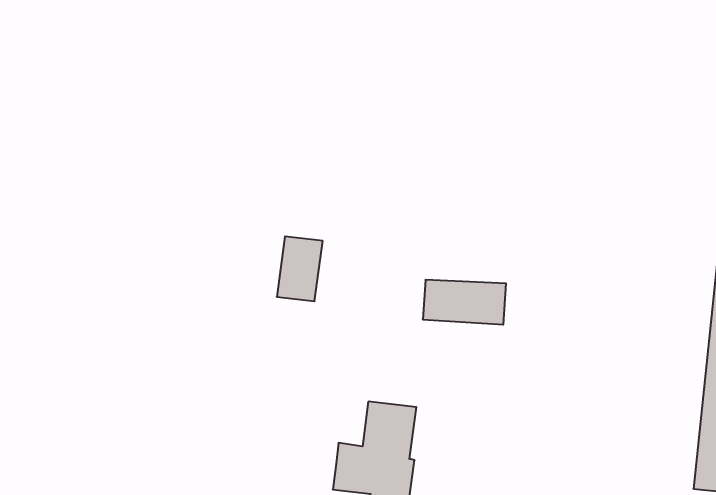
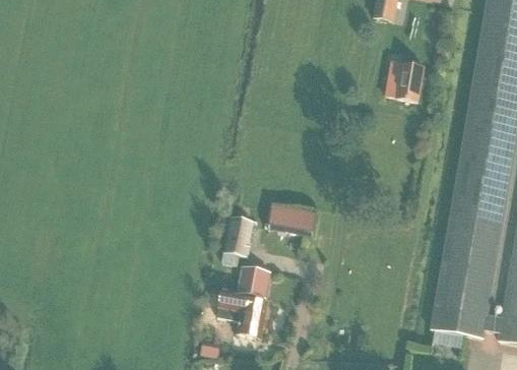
building: none -> [385,60,424,101]
building: [277,236,323,301] -> [223,215,253,255]

